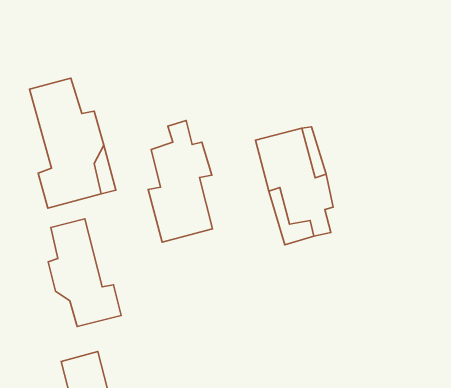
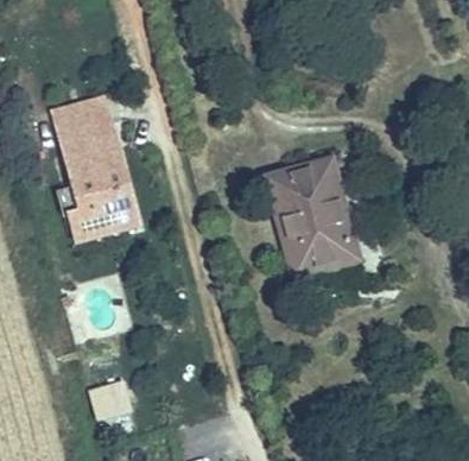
building: [148,121,213,242] -> none
building: [48,219,121,327] -> none

